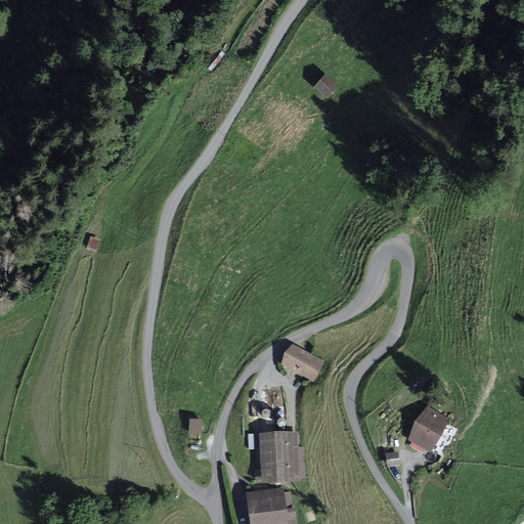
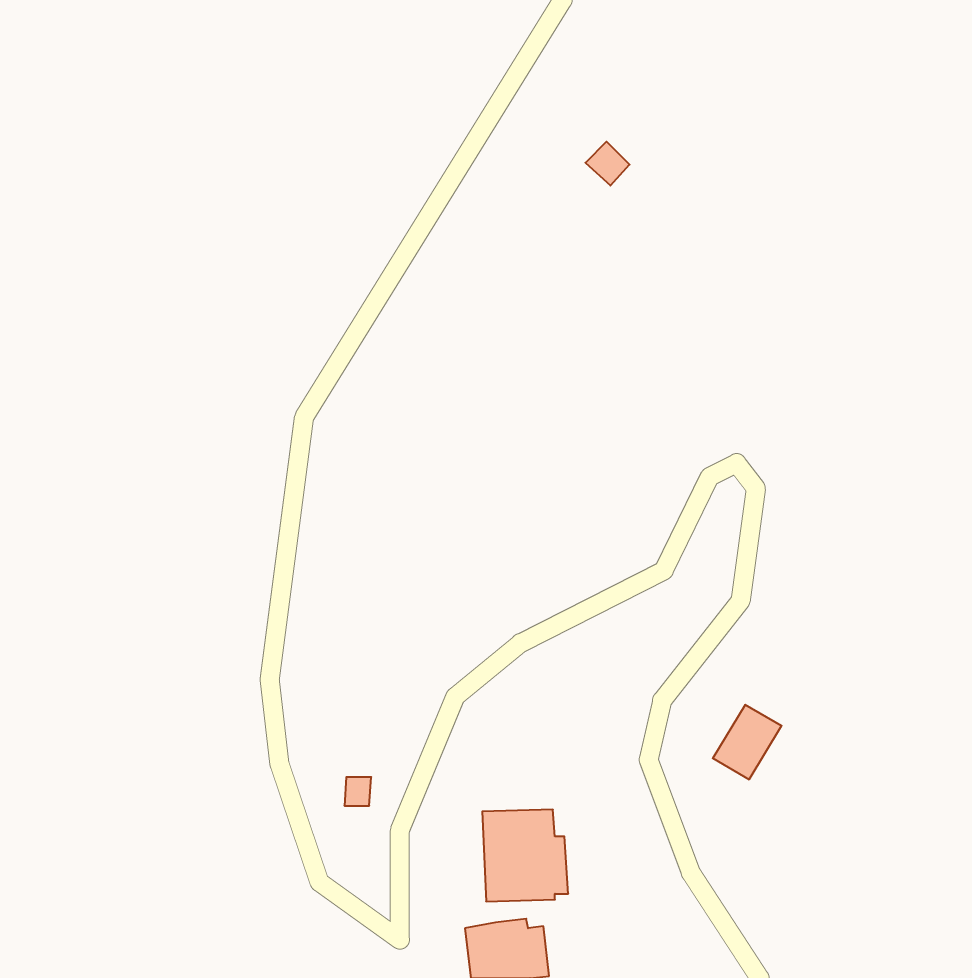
building: [281,346,319,379] -> none
building: [407,409,444,449] -> [713,705,782,779]

